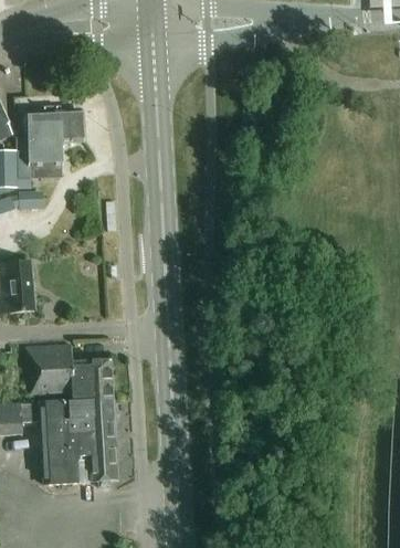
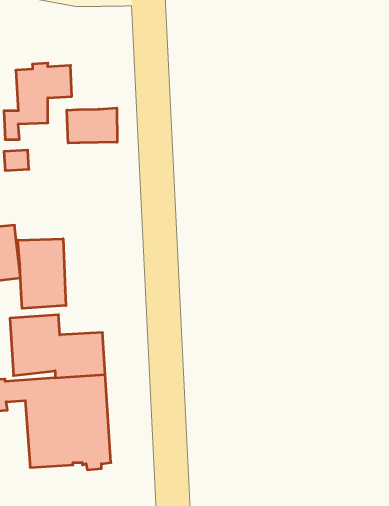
building: none -> [67,108,117,143]
building: none -> [18,239,66,308]

